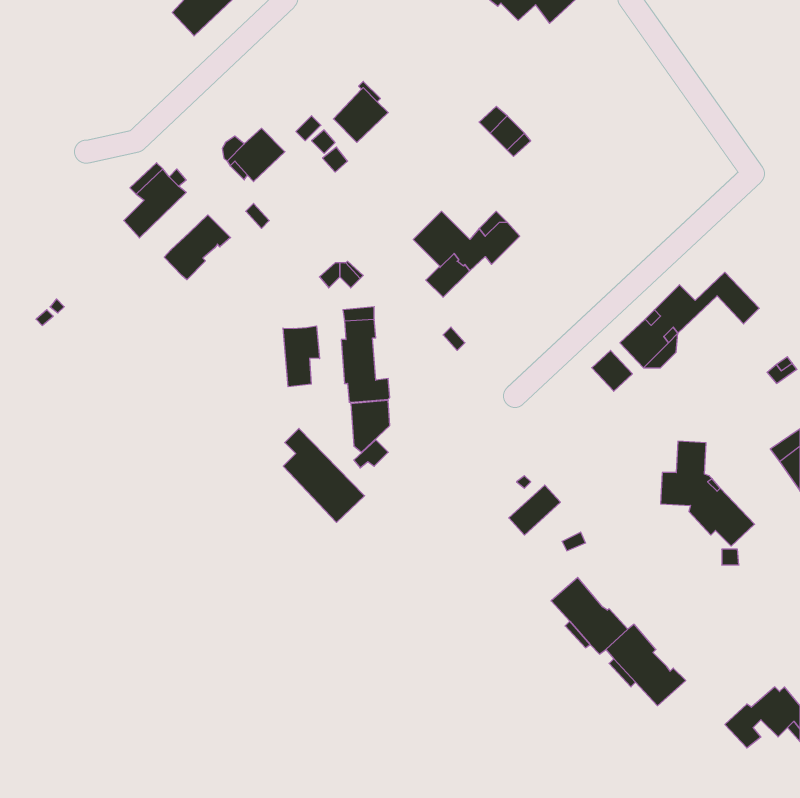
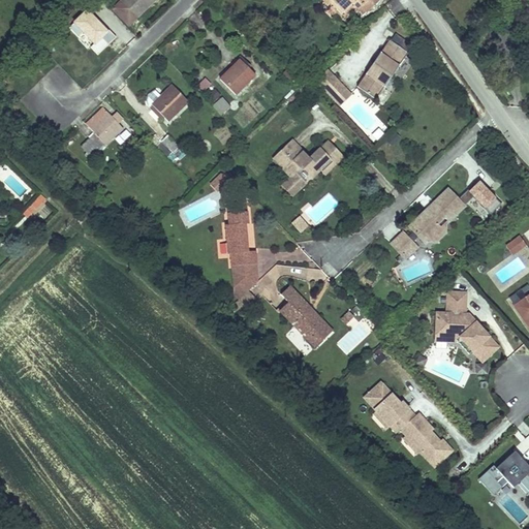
building: none -> [75,13,117,56]
building: none -> [355,39,407,99]
building: [164,215,231,280] -> none
building: [283,326,320,387] -> none
building: [283,428,365,522] -> [279,285,333,347]

